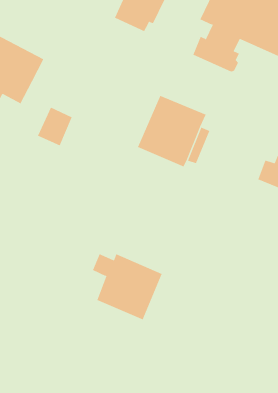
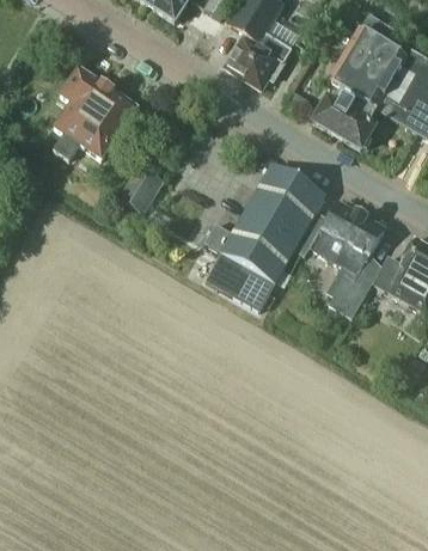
building: none -> [313,203,383,318]
building: [92,253,163,320] -> [204,222,289,310]

